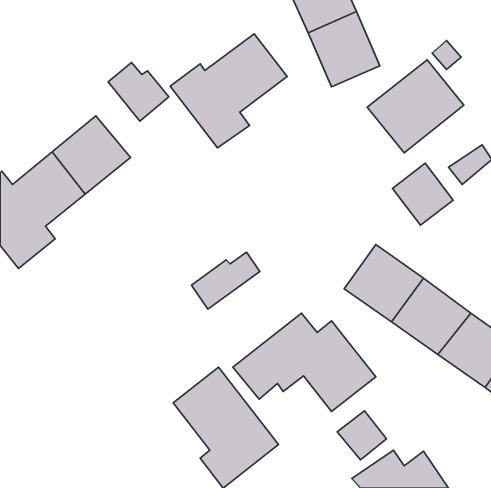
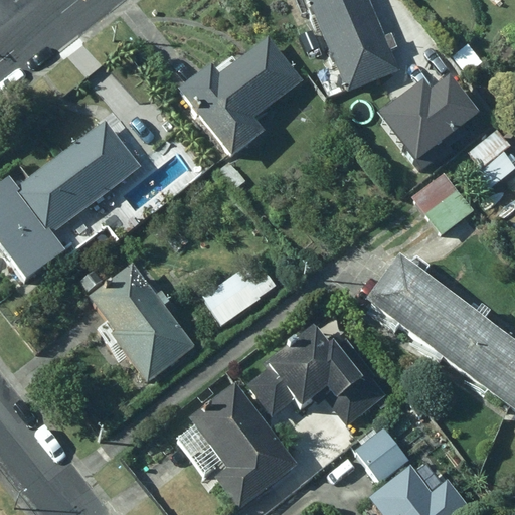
building: [108,63,169,121] -> none
building: none -> [88,267,192,378]

